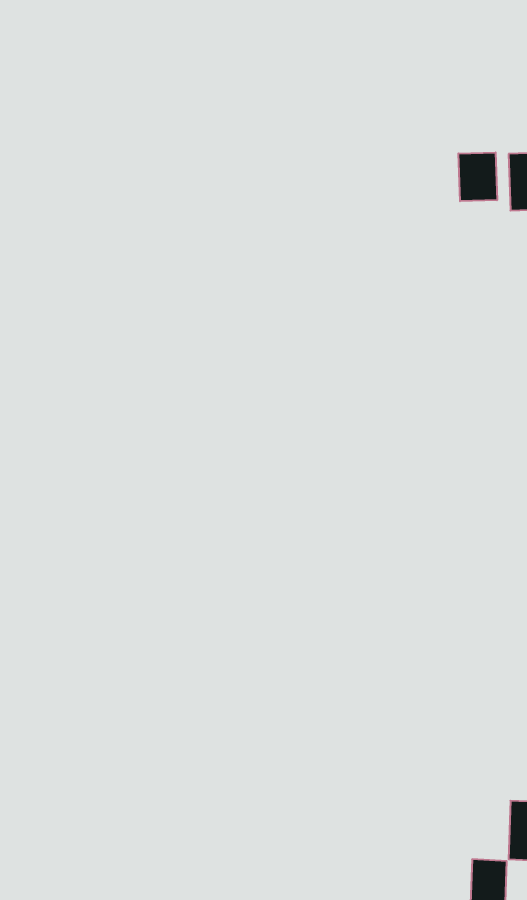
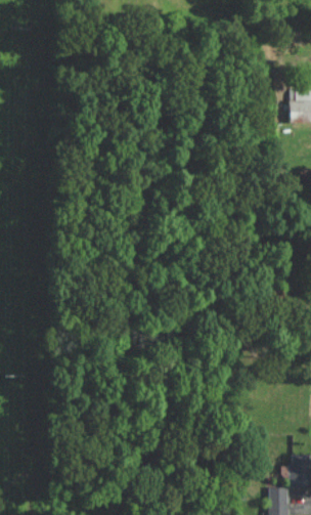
building: [458,152,497,201] -> none

